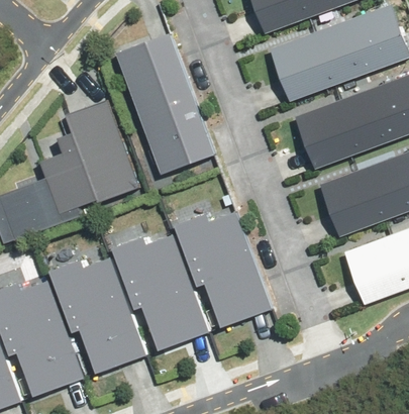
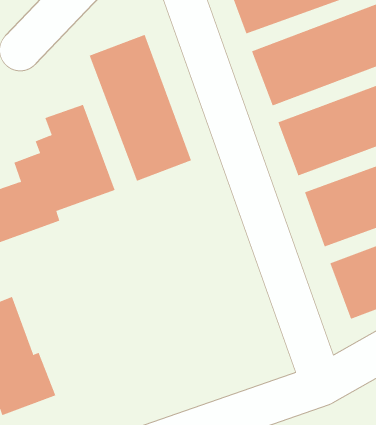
building: [175,212,270,327] -> none
building: [111,237,208,350] -> none
building: [48,261,146,374] -> none

